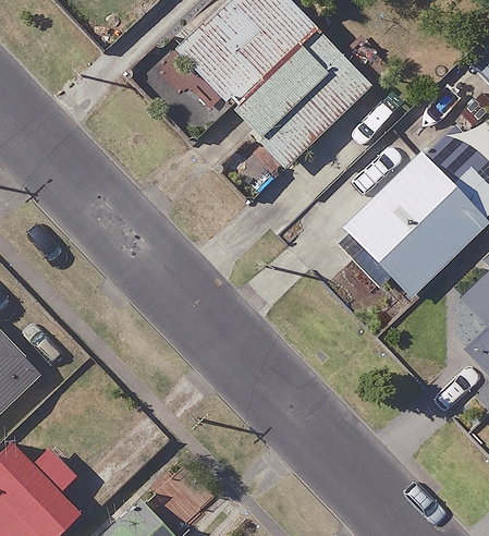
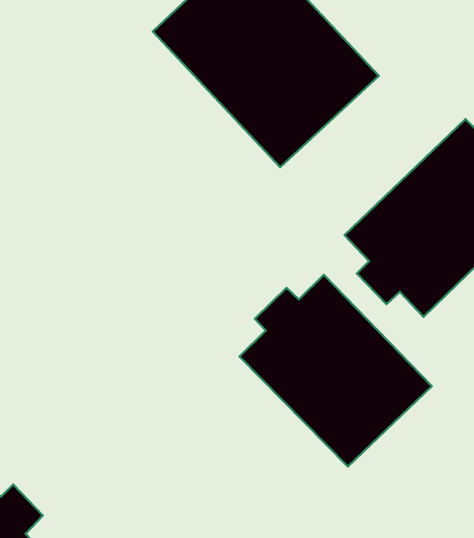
building: none -> [240,275,432,467]

